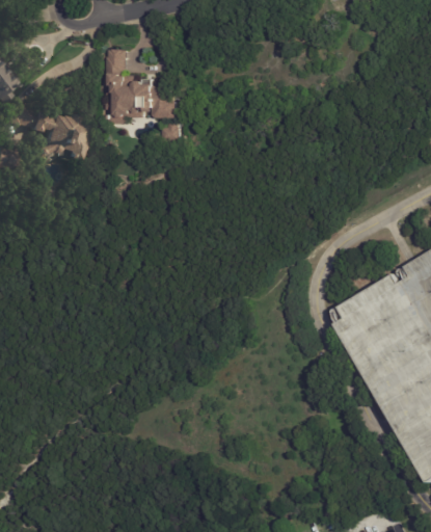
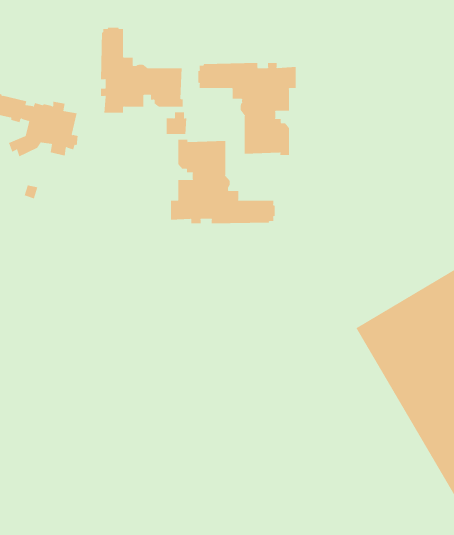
building: none -> [198,62,296,156]
building: none -> [170,139,275,224]

